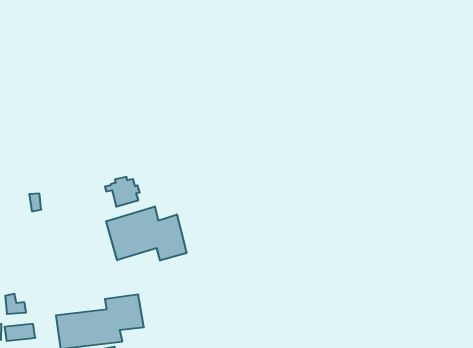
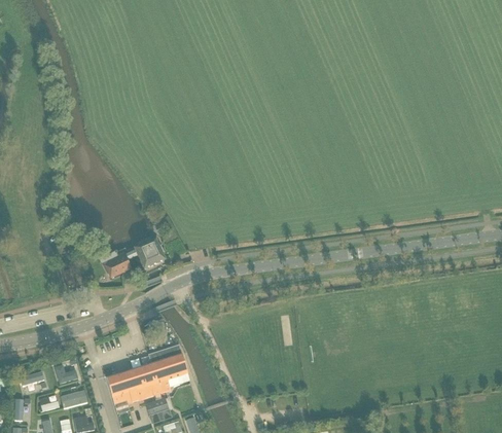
building: none -> [102,253,129,279]
building: [106,206,186,260] -> none

